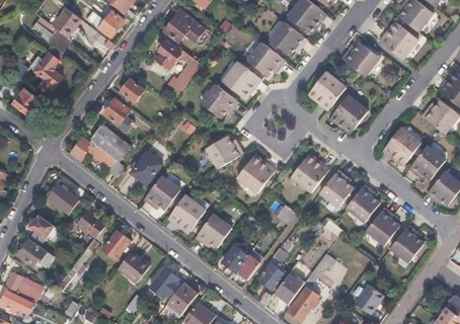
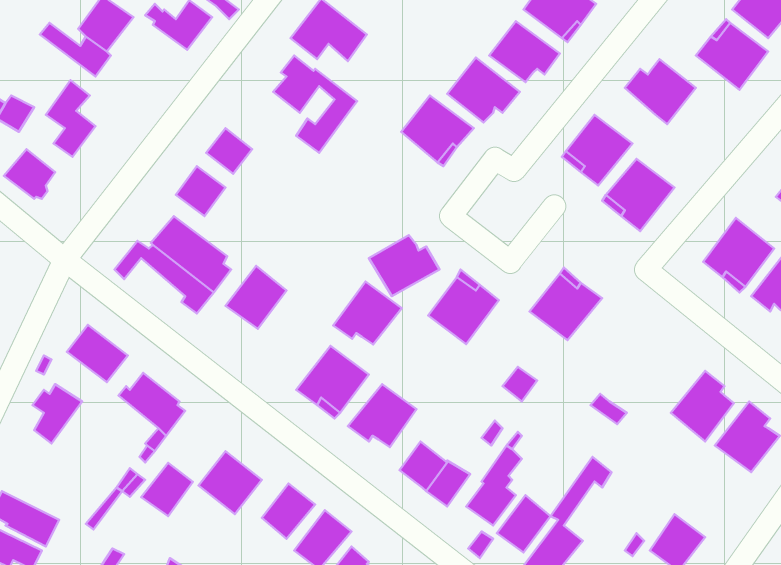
building: [201,84,239,118] -> none
building: [319,169,353,207] -> none
building: [144,176,180,210] -> [333,282,402,345]
building: [346,184,379,222] -> none
building: [101,230,129,258] -> [141,463,193,516]
building: [17,239,51,266] -> none

